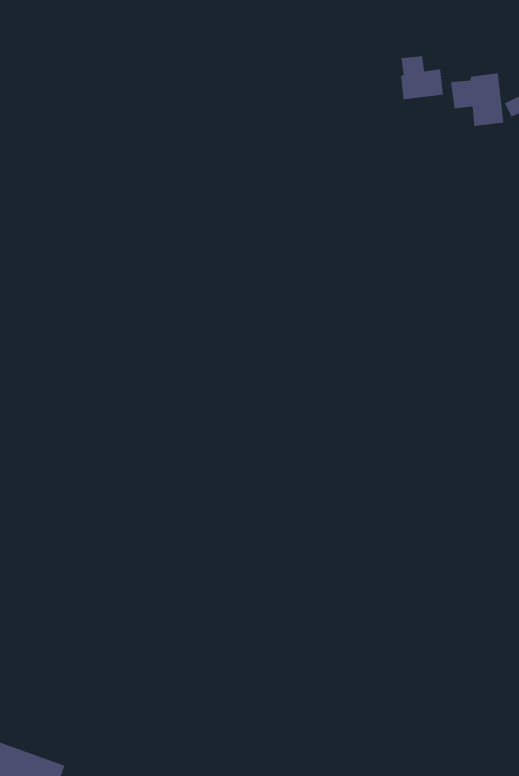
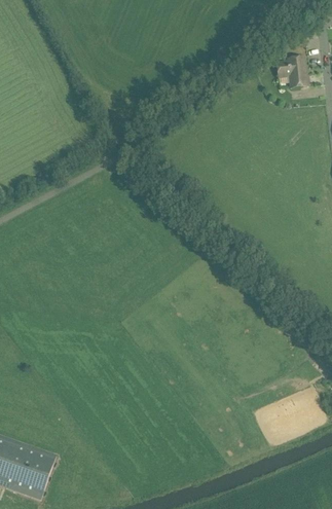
building: [400,55,443,100] -> none

